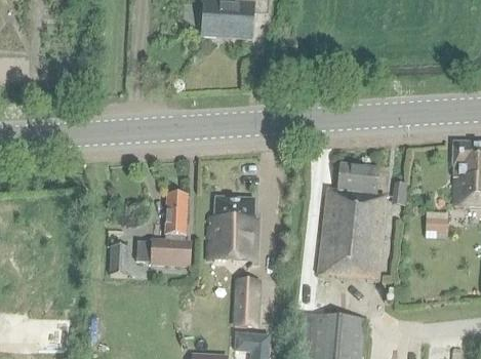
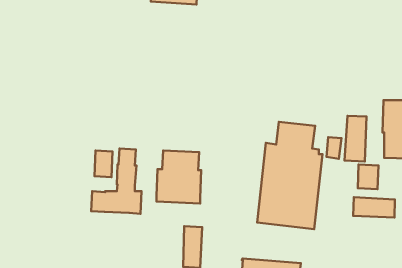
building: none -> [345,116,367,161]
building: [109,246,128,275] -> [95,151,113,177]
building: none -> [353,197,395,218]

